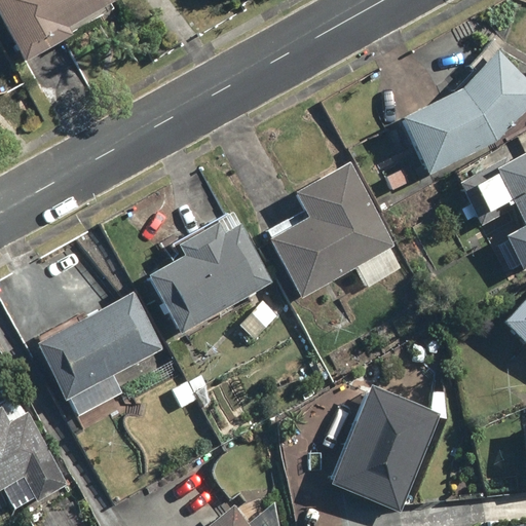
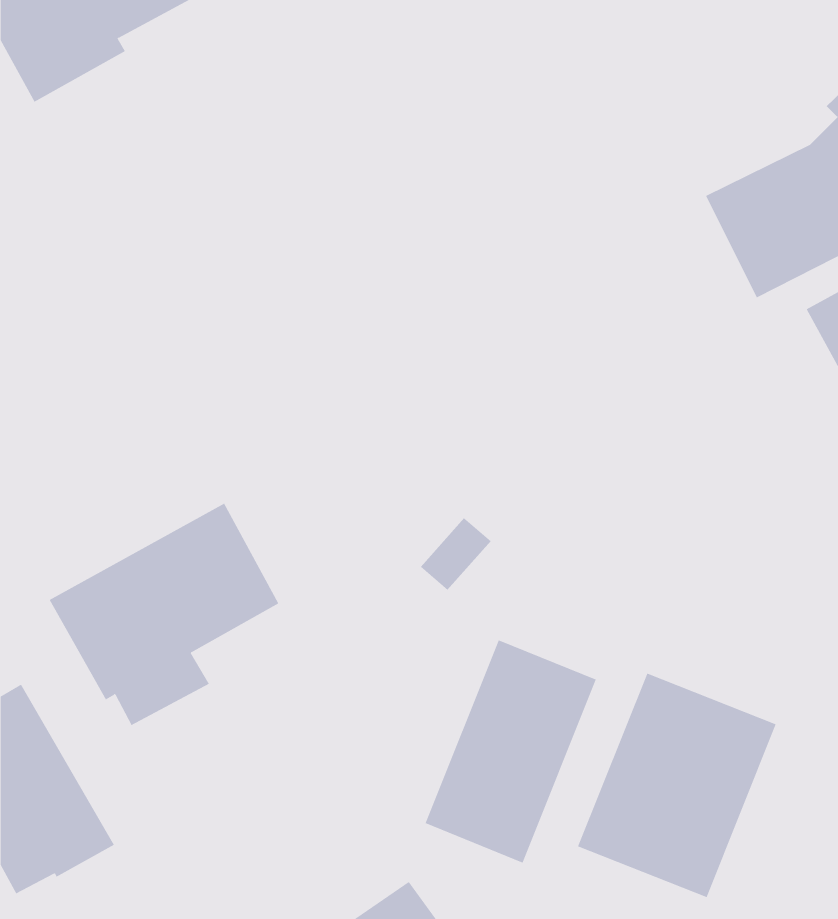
building: [267,162,403,298] -> none
building: [146,222,264,333] -> none
building: none -> [425,639,596,863]

